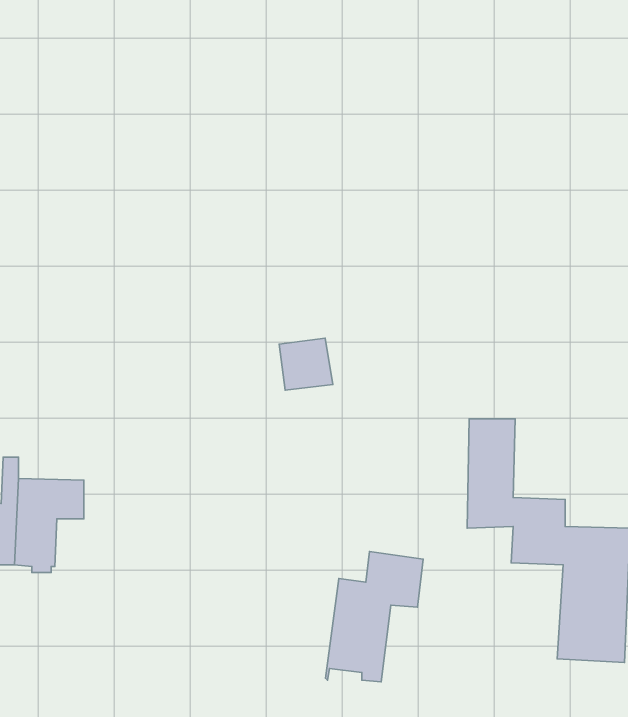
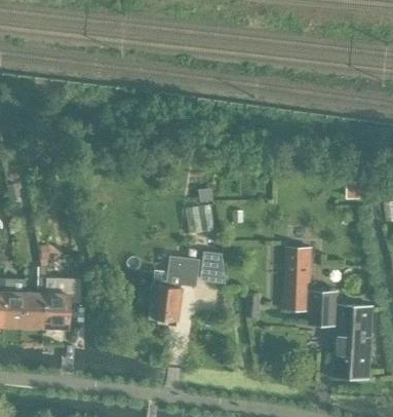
building: none -> [201,252,225,282]
building: [326,551,423,682] -> [147,256,199,326]

